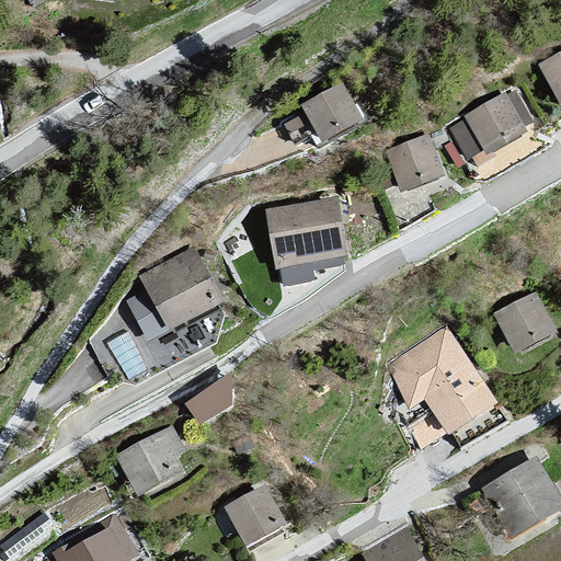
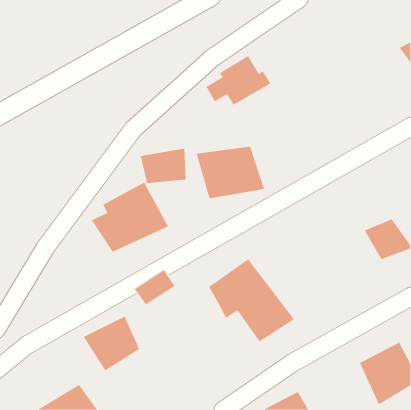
building: [445,90,531,157] -> none
building: [386,134,448,191] -> none
building: none -> [140,148,186,184]
building: [383,324,500,437] -> [209,258,295,342]
building: [226,485,290,549] -> none

